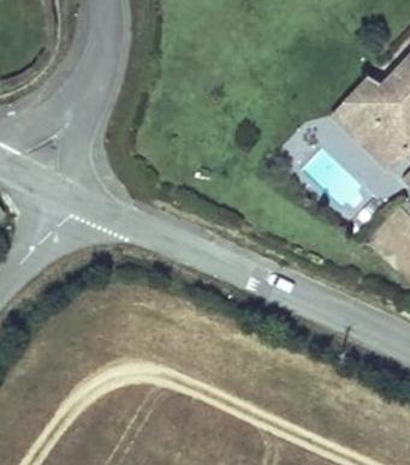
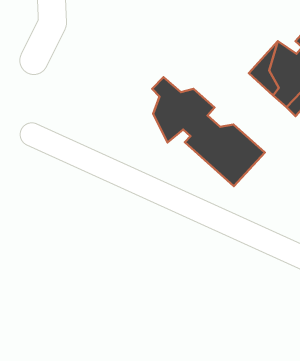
building: none -> [152,77,265,186]

